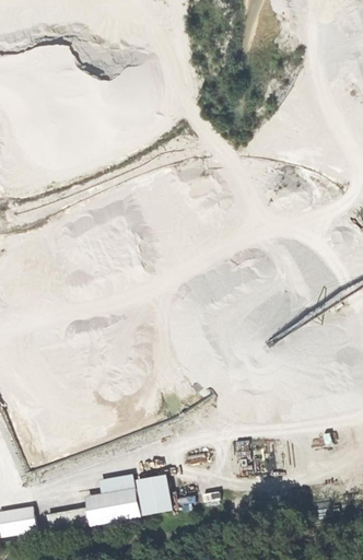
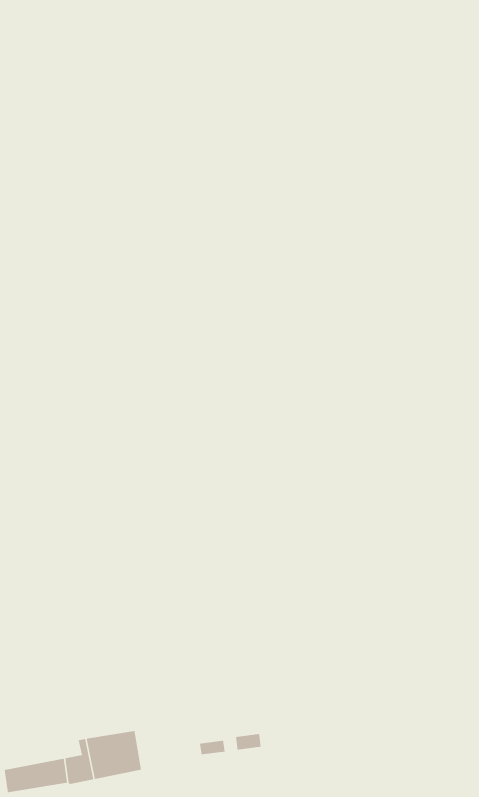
building: [125,478,157,515] -> none

